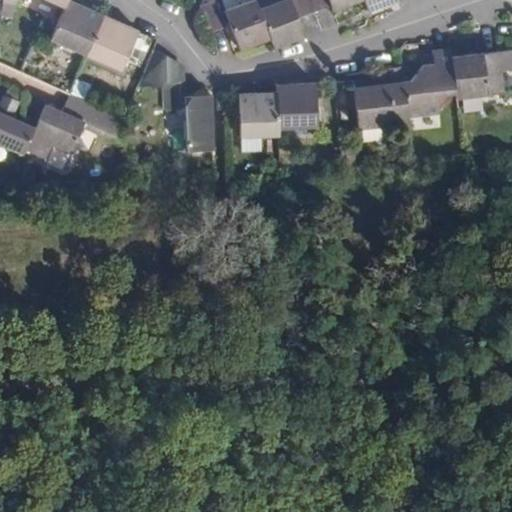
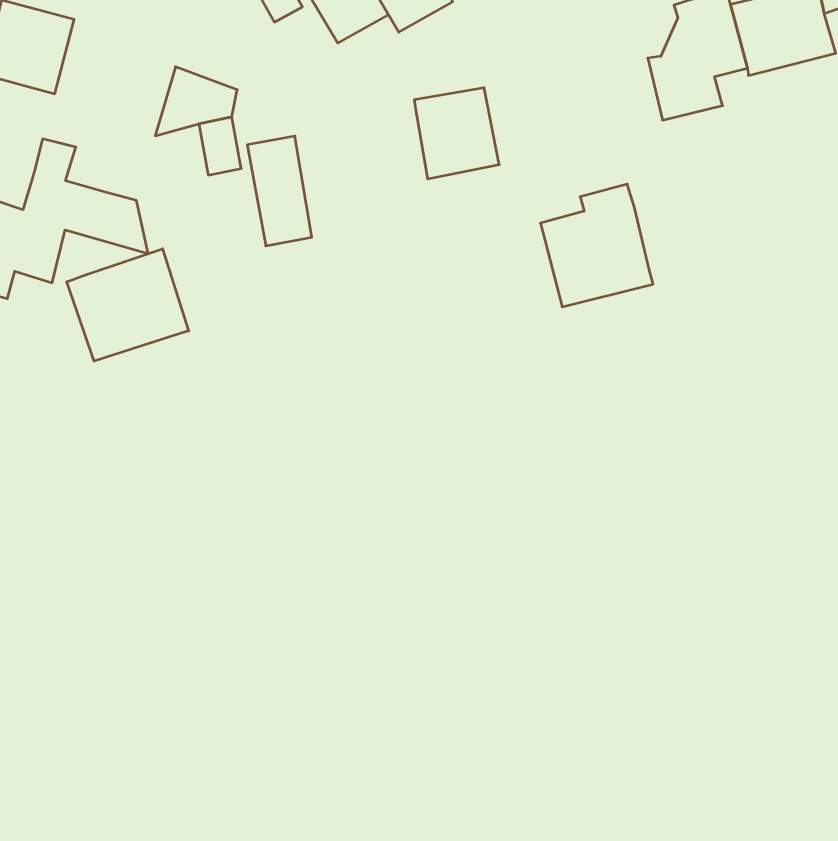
building: [88,16,139,69] -> none
building: [354,68,409,128] -> [540,184,653,307]
building: [239,93,280,139] -> none
building: none -> [67,249,189,361]

